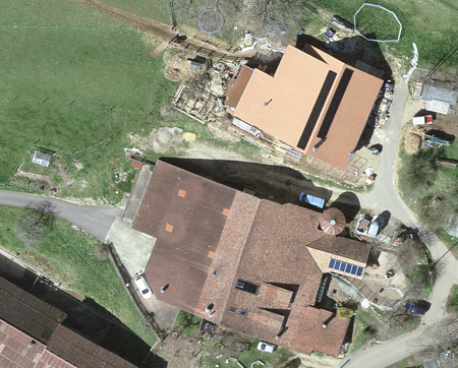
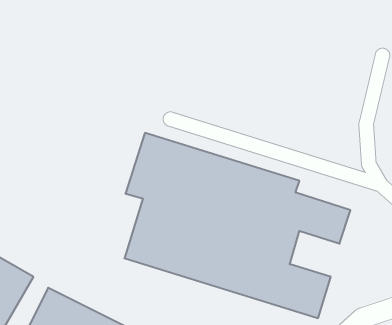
building: [229,47,384,169] -> none

